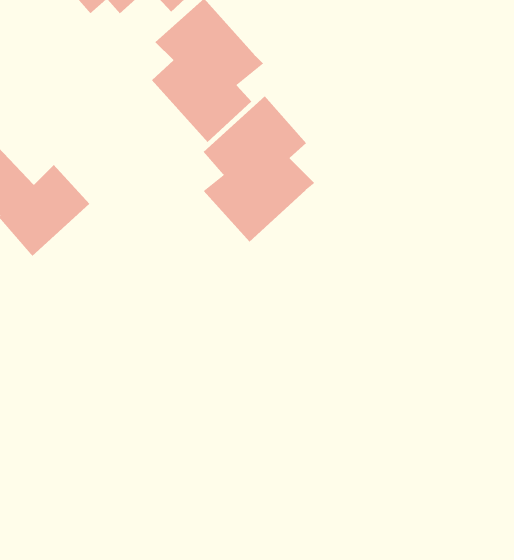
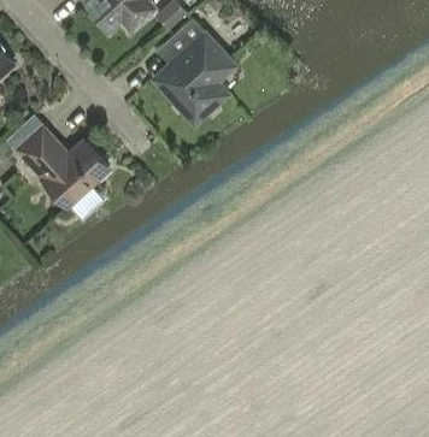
building: [203,96,315,242] -> none

